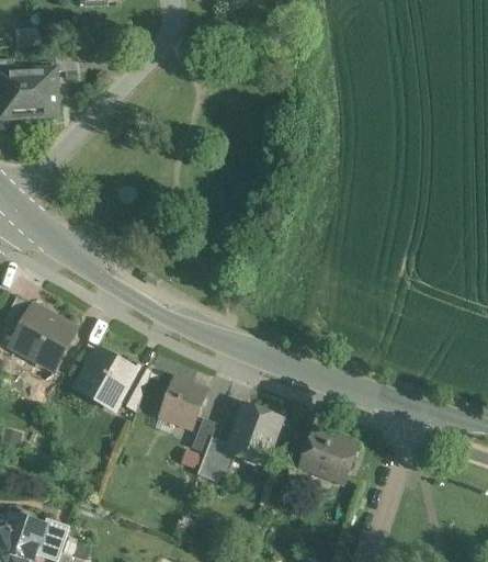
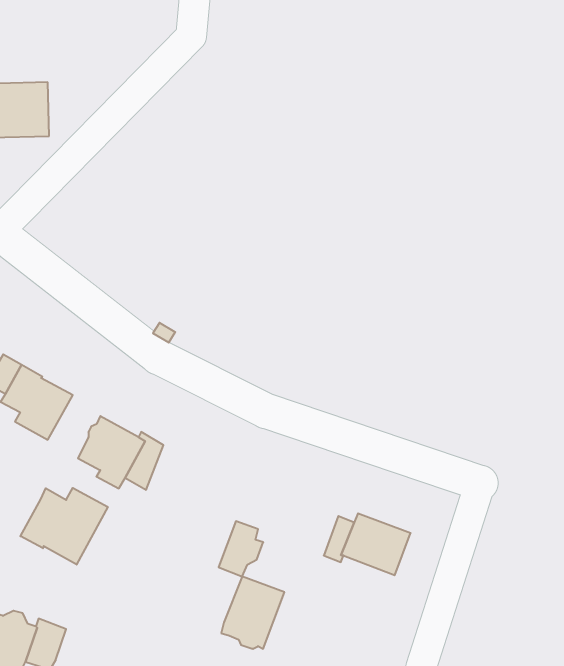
building: [161,378,206,428] -> none
building: [227,405,280,465] -> [221,576,284,649]
building: none -> [20,488,108,565]

